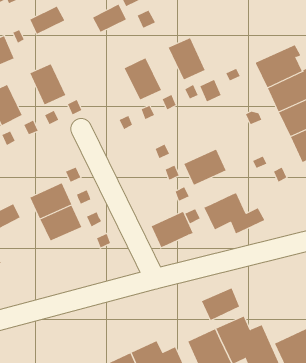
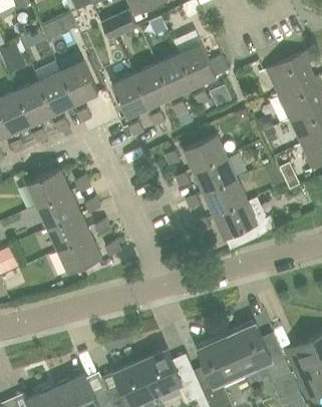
building: none -> [155,54,194,97]
building: none -> [60,60,97,102]
building: none -> [111,75,149,118]
building: none -> [16,80,53,122]
building: none -> [183,134,227,171]
building: none -> [28,168,71,206]
building: [151,211,194,248] -> [204,178,247,216]
building: none -> [59,236,101,272]
building: [201,288,240,321] -> none

